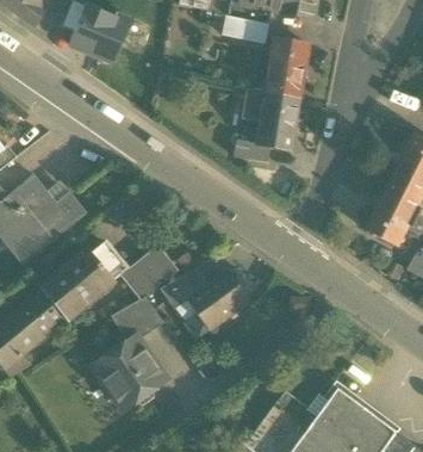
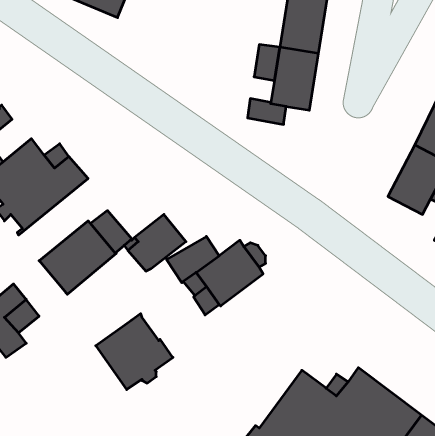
building: [18,290,67,340] -> none
building: [111,296,163,343] -> none

